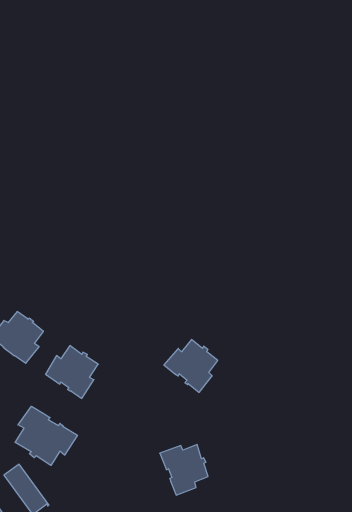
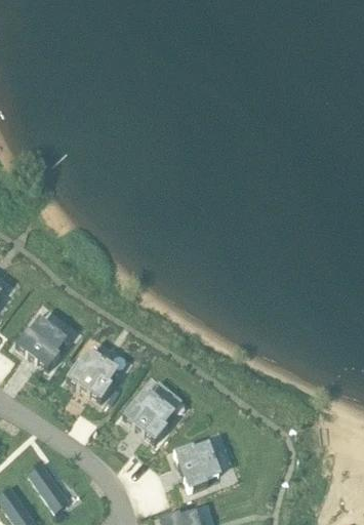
building: [164,340,218,392] -> [122,392,172,441]
building: [15,406,77,465] -> none

